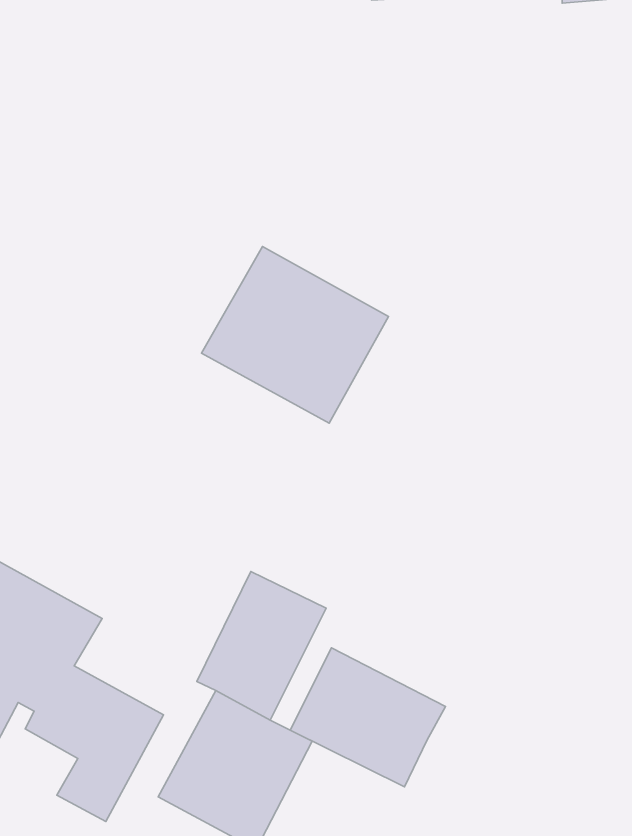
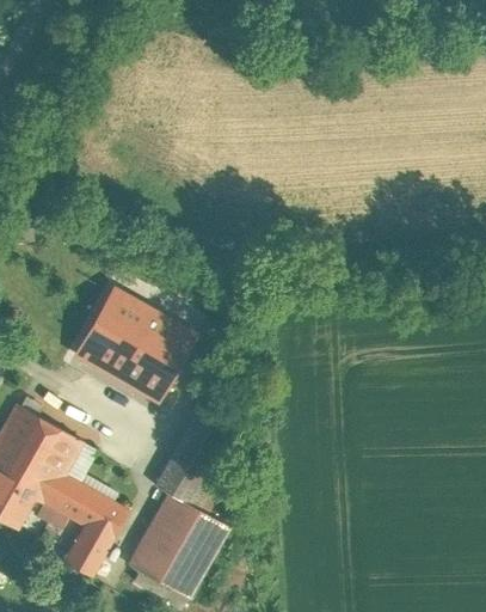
building: [201,247,389,423] -> [74,283,202,404]
building: [290,648,445,787] -> none

